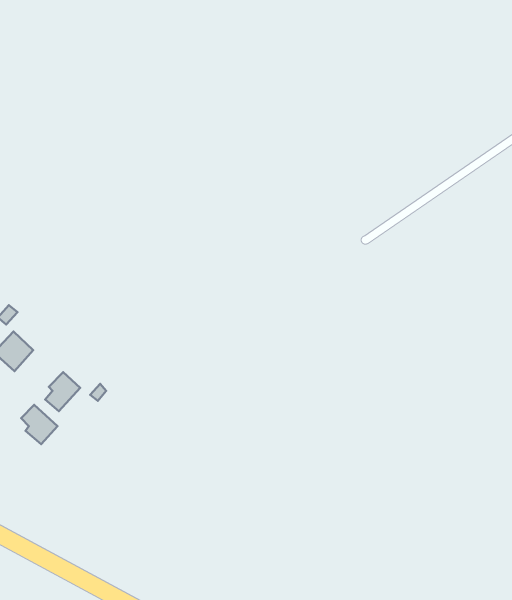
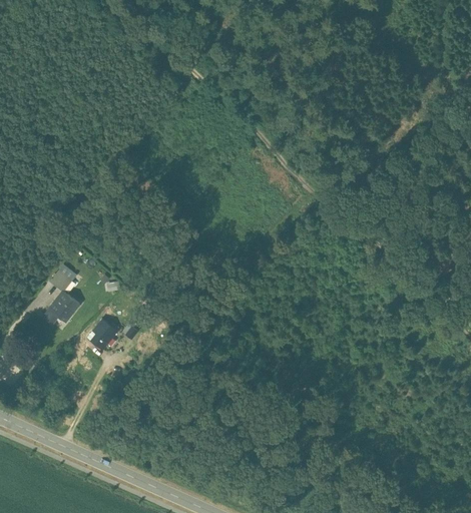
building: [21,405,58,444] -> none

